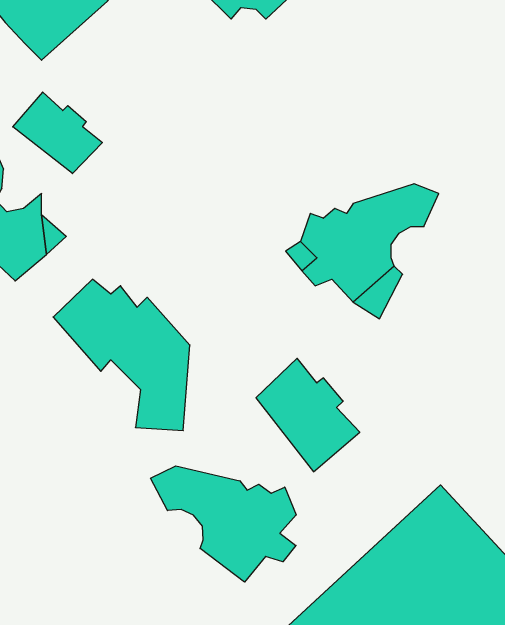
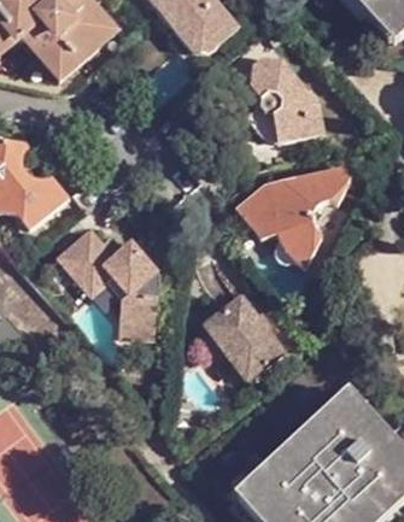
building: none -> [242,53,327,145]
building: [13,92,102,174] -> none
building: [151,466,296,582] -> none

